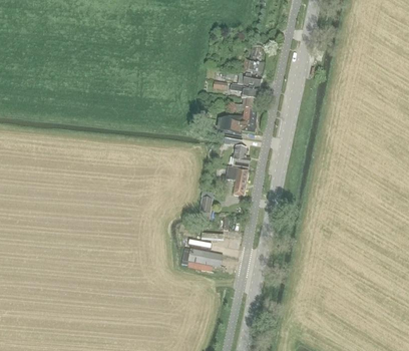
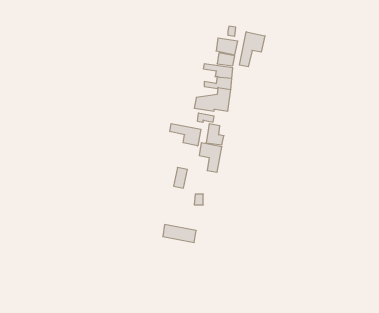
building: none -> [239,32,265,67]
building: none -> [170,124,201,146]

